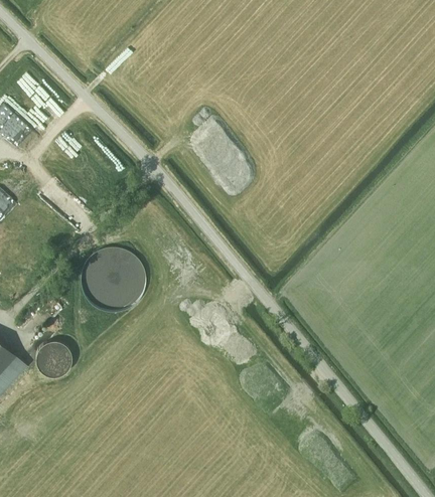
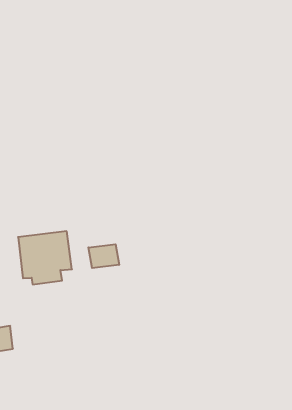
building: none -> [88,244,119,268]

